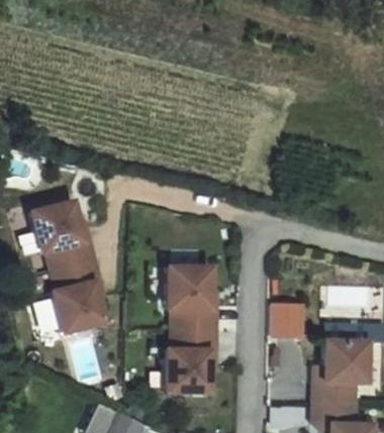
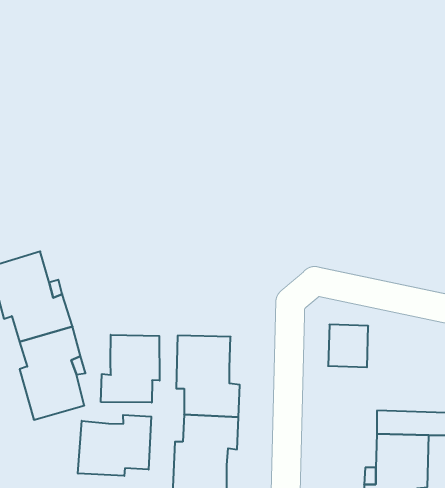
building: none -> [101,335,160,403]
building: [275,306,306,339] -> [328,325,368,367]
building: none -> [78,415,151,476]

